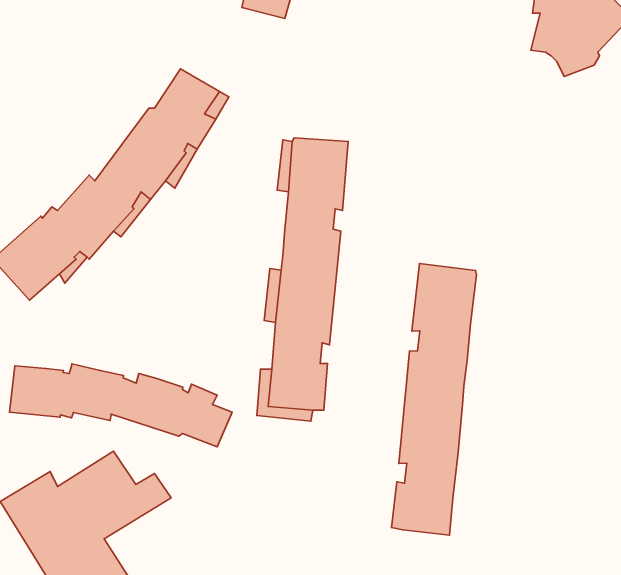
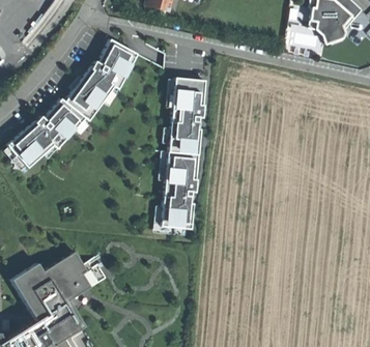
building: [392,263,477,535] -> none
building: [9,364,232,447] -> none

